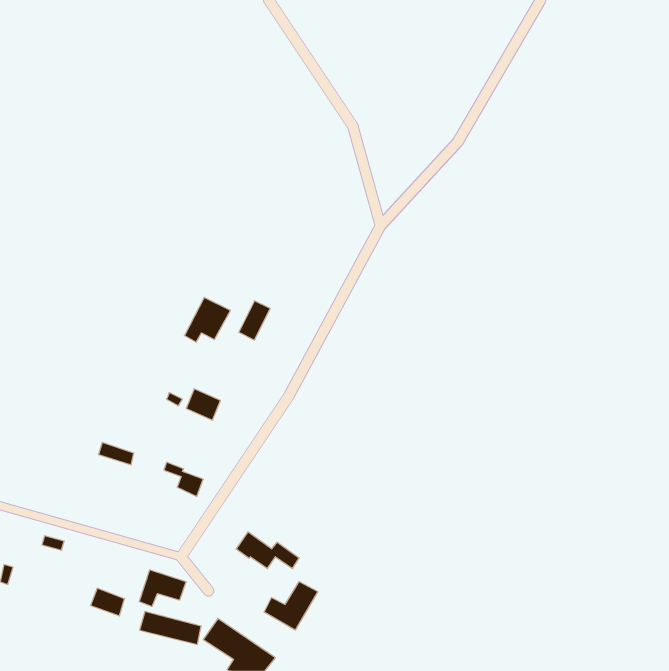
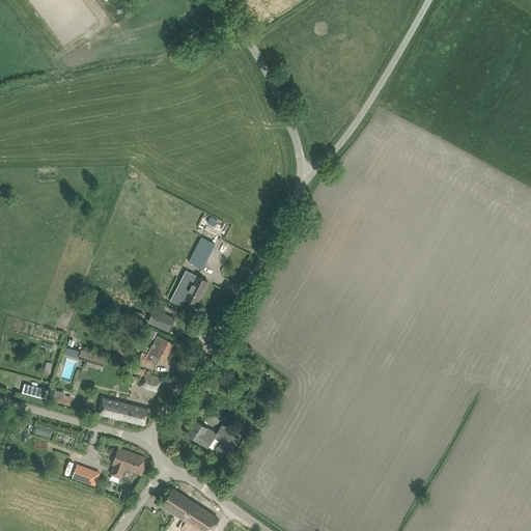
building: [184,297,230,342] -> [171,271,207,306]
building: none -> [137,336,172,366]
building: [264,582,318,630] -> none
building: [140,612,201,644] -> [97,398,146,424]

